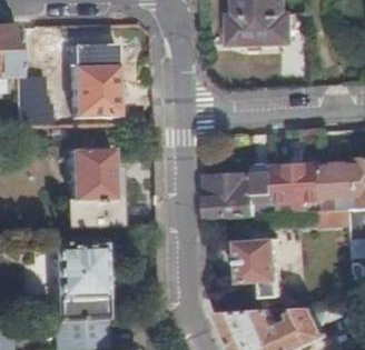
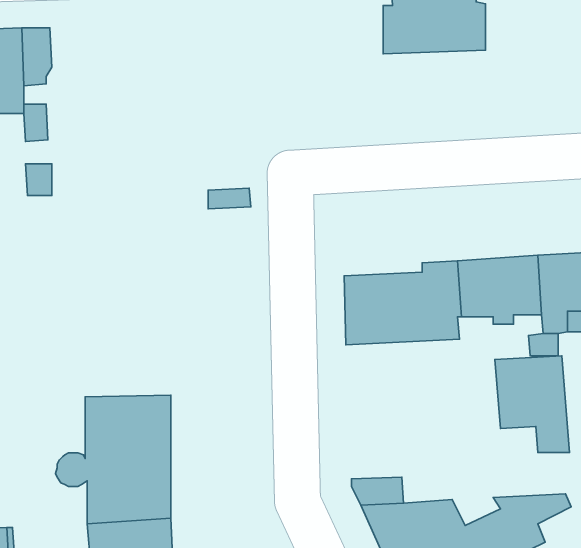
building: [70,46,118,120] -> none
building: [68,151,121,229] -> none
building: [239,239,284,297] -> [495,356,569,453]

